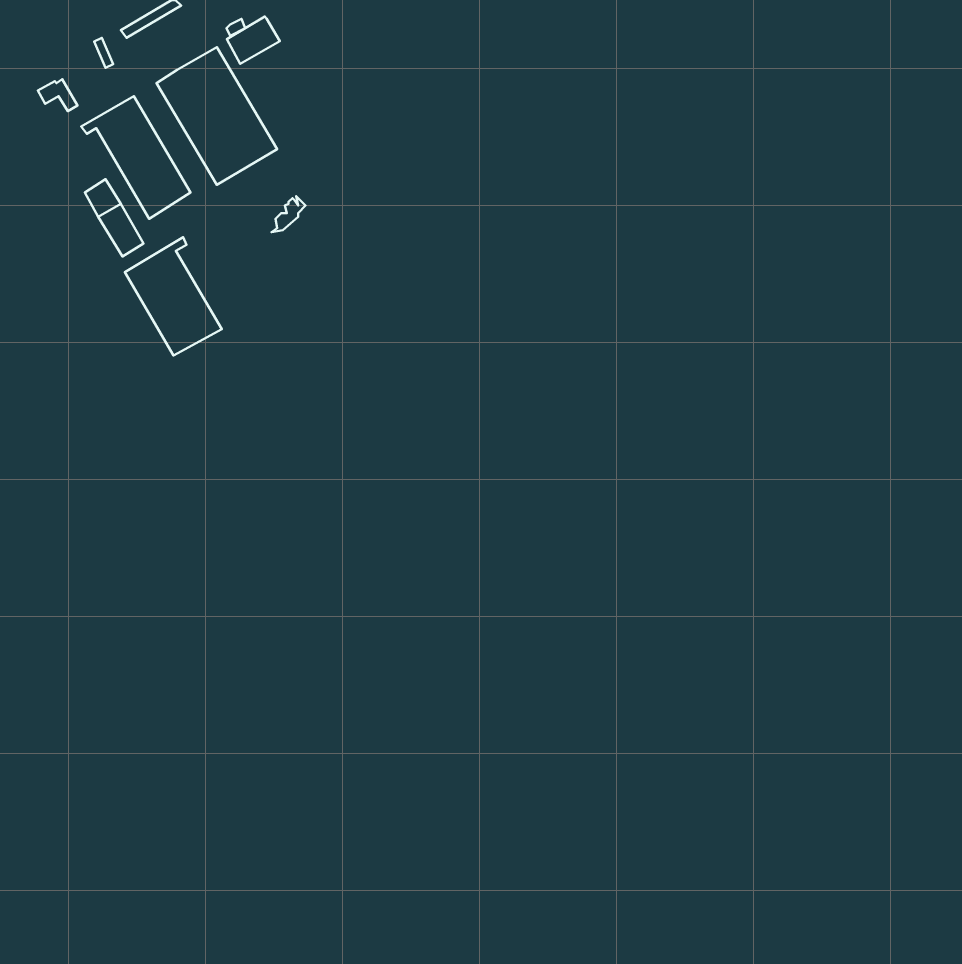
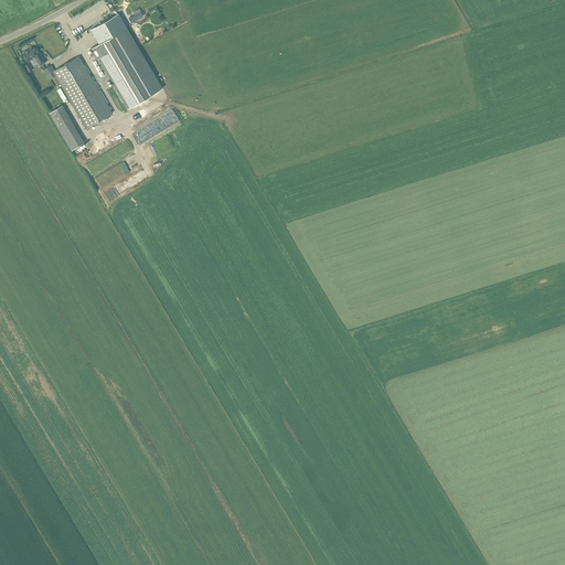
building: [227,17,280,64] -> [97,13,128,41]
building: [125,237,222,355] -> none

